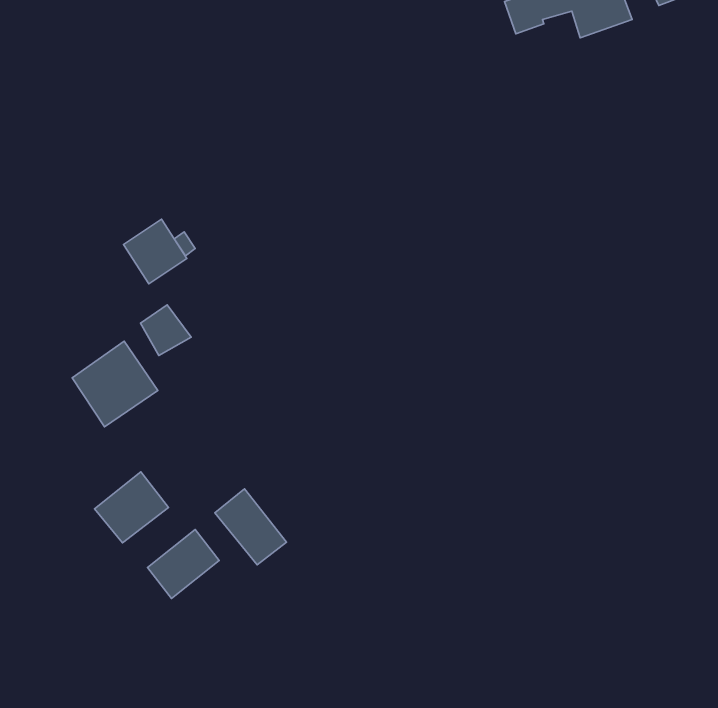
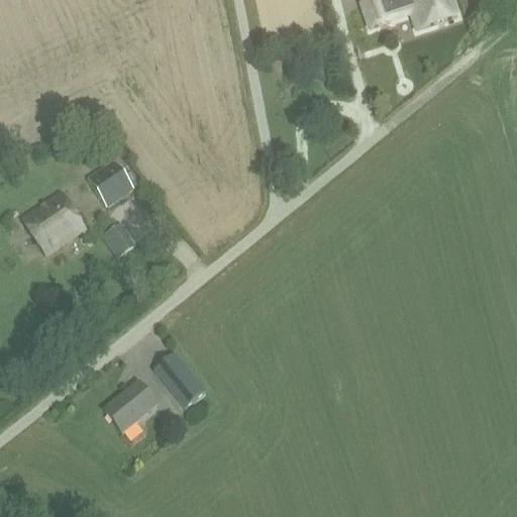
building: [72,341,158,427] -> [23,191,85,252]
building: [95,472,169,543] -> none

